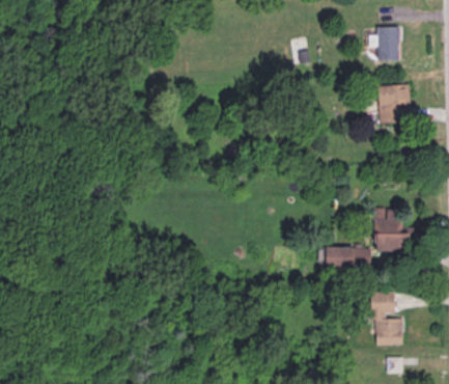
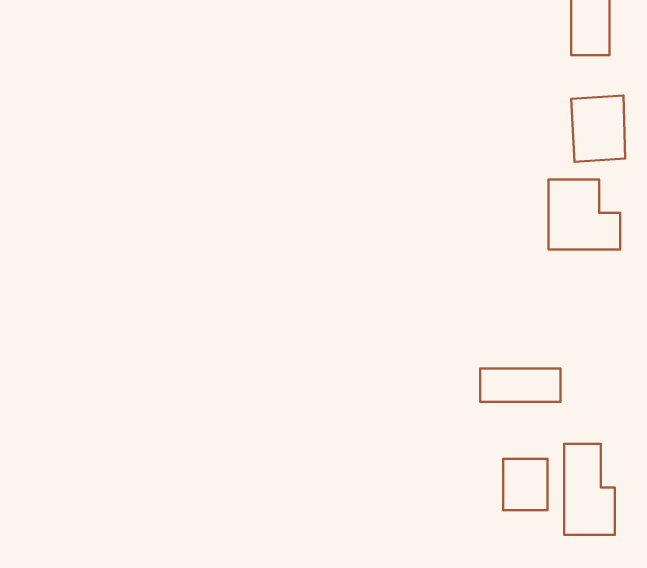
building: [373,210,416,251] -> [548,179,620,250]
building: none -> [503,459,547,510]

